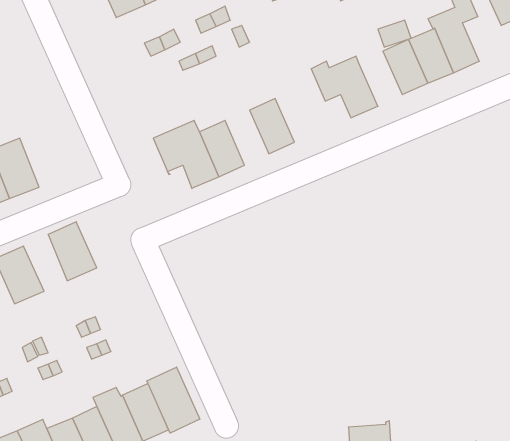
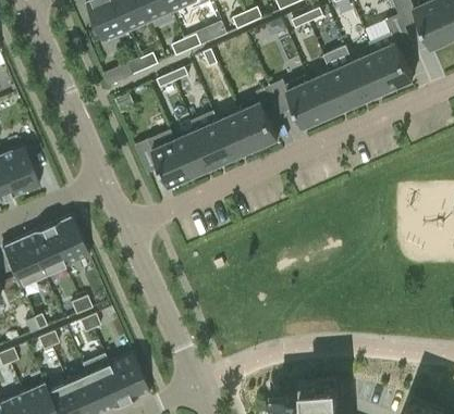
building: none -> [309,71,346,117]
building: none -> [238,86,281,148]
building: none -> [192,111,233,167]
building: none -> [25,226,62,274]
building: [147,367,200,433] -> none

